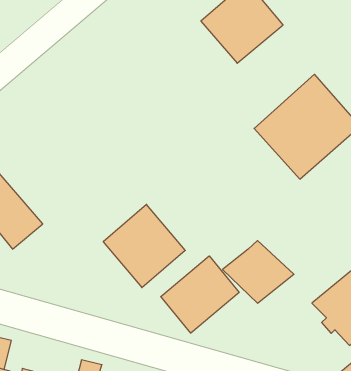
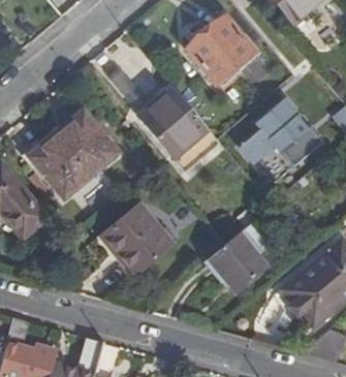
building: none -> [140,87,220,169]
building: none -> [29,112,119,198]
building: [161,256,239,333] -> none

